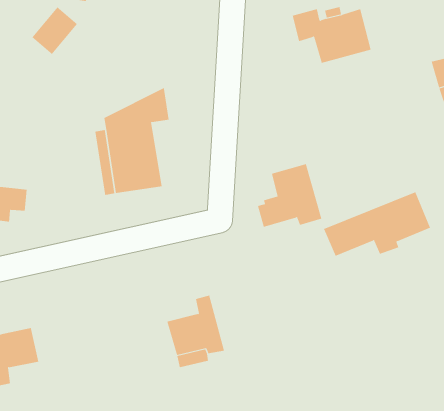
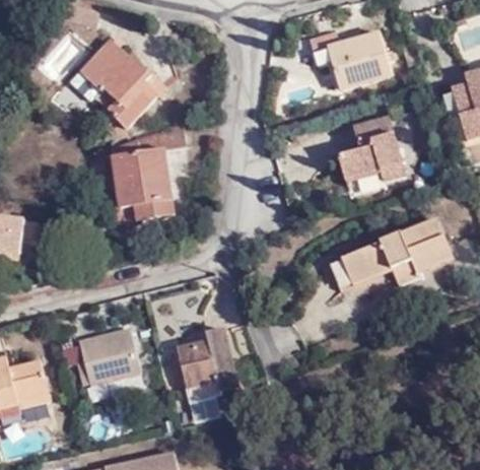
building: none -> [80,42,159,137]
building: [257,164,322,228] -> [340,116,407,182]
building: none -> [78,330,145,399]

